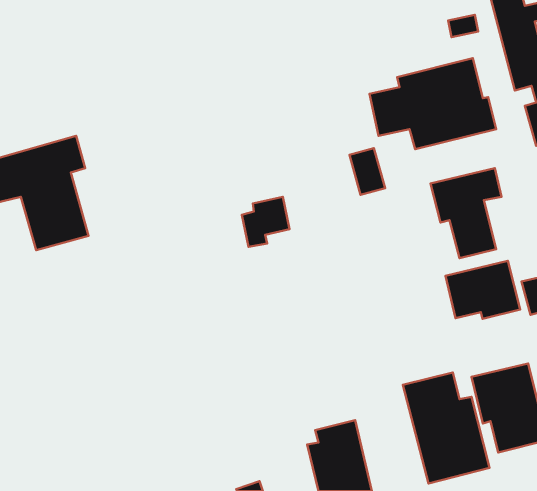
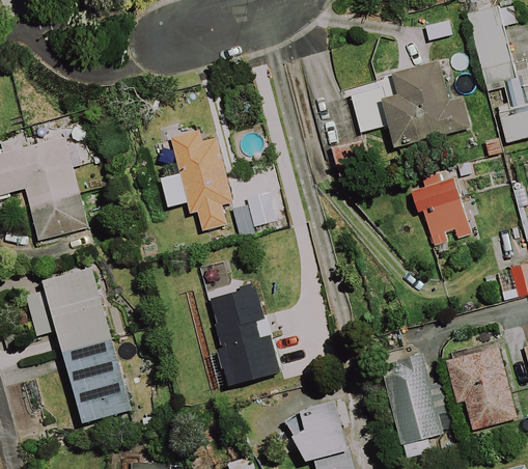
building: none -> [160,130,232,230]
building: [446,261,520,319] -> none
building: none -> [24,266,131,421]
building: none -> [209,287,279,383]

